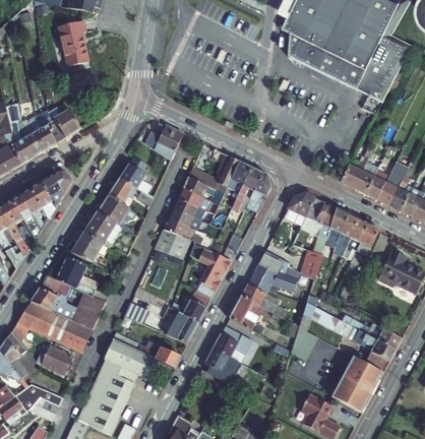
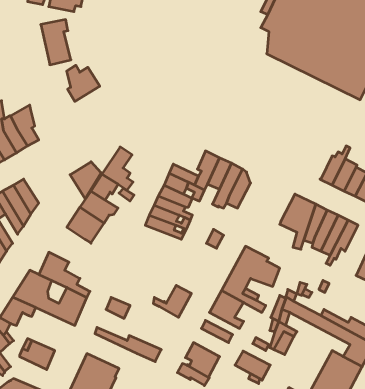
building: [48,106,81,142] -> [67,65,100,101]
building: [153,124,183,160] -> none
building: [41,169,72,206] -> [70,162,101,199]
building: [283,192,315,225] -> none
building: [155,229,190,258] -> none
building: [71,231,108,261] -> none
building: [189,243,231,290] -> none
building: [300,249,321,277] -> none
building: [167,311,197,343] -> none
building: [34,312,93,353] -> none
building: [212,333,248,363] -> [235,351,270,380]
building: [104,338,156,378] -> none

